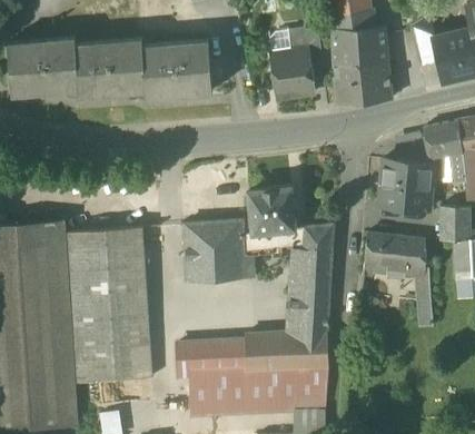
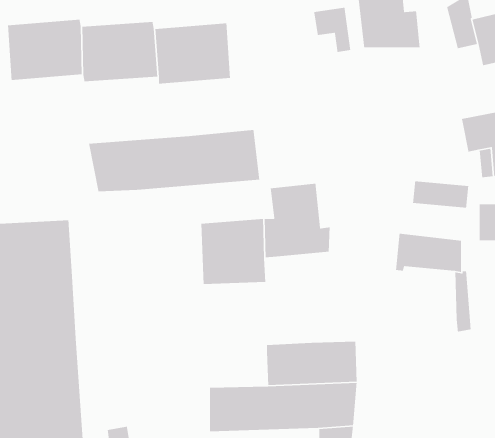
building: [270,31,314,99] -> none
building: [334,63,390,105] -> none
building: none -> [88,129,260,192]
building: [380,159,433,189] -> none
building: [286,224,334,333] -> none
building: [68,226,152,383] -> none
building: [175,342,246,375] -> none

